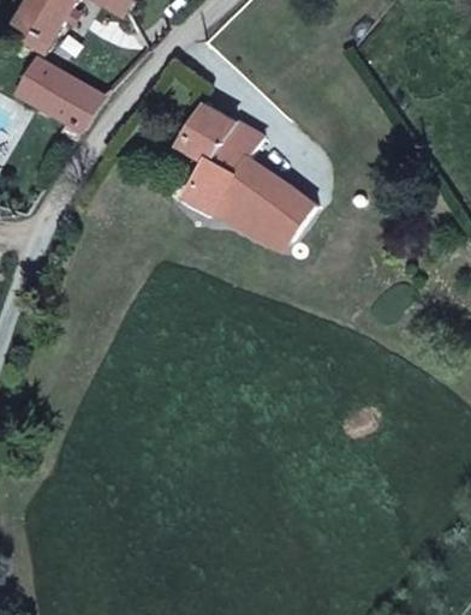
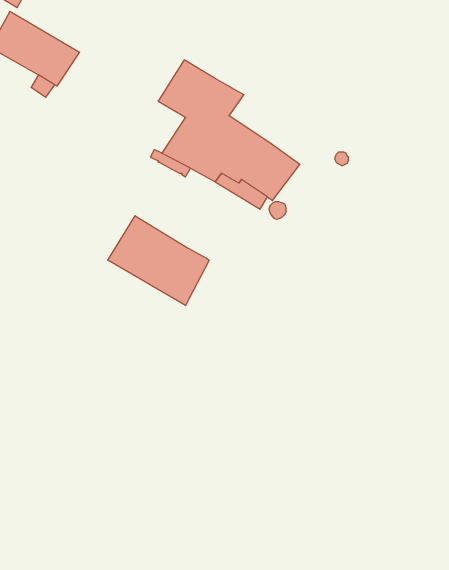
building: none -> [108,216,209,306]

